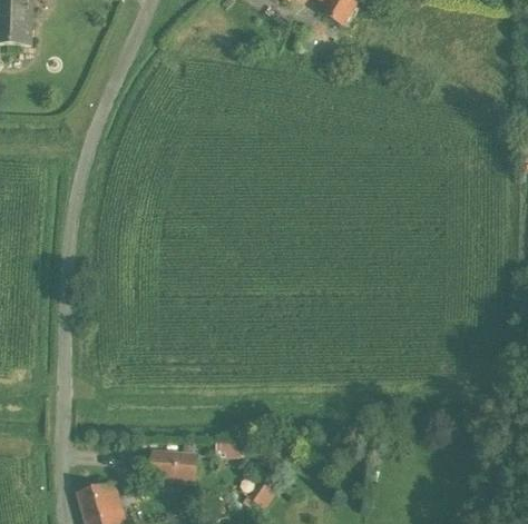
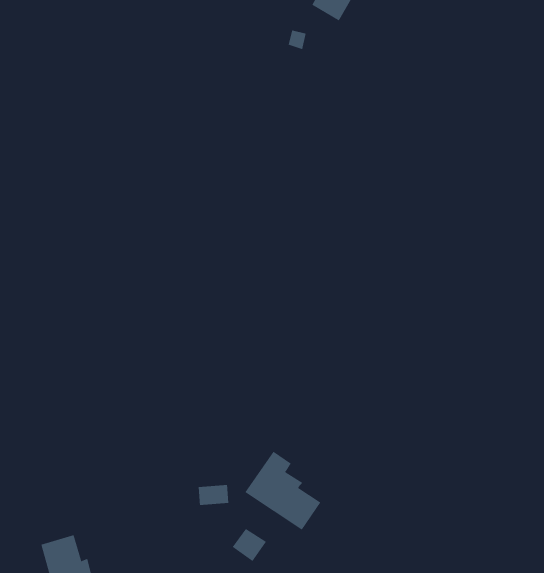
building: none -> [245,451,321,530]
building: [149,449,196,479] -> none

